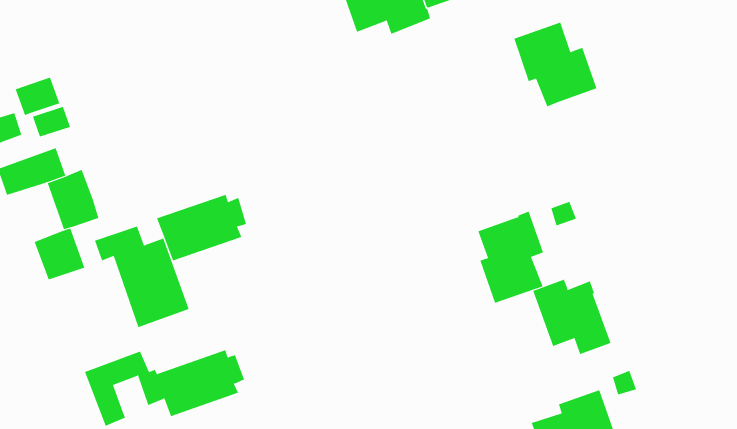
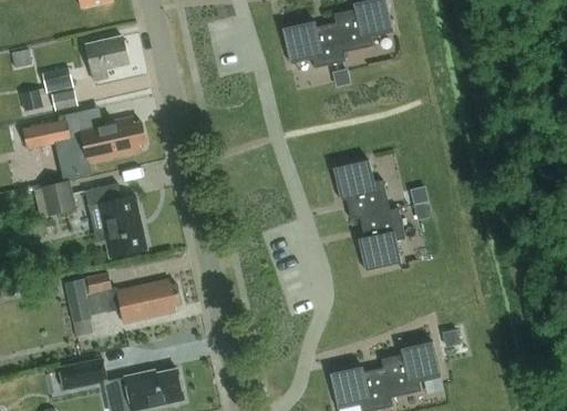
building: [513,22,597,107] -> [333,160,389,219]
building: none -> [85,35,127,80]
building: [156,194,247,261] -> [80,117,144,161]
building: [533,279,611,355] -> none

